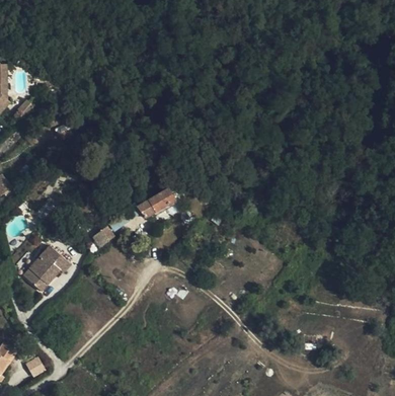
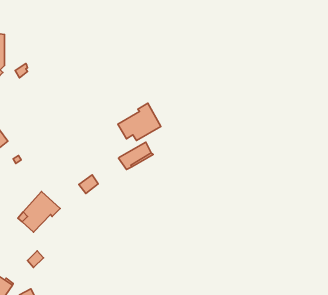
building: none -> [118,103,161,140]

